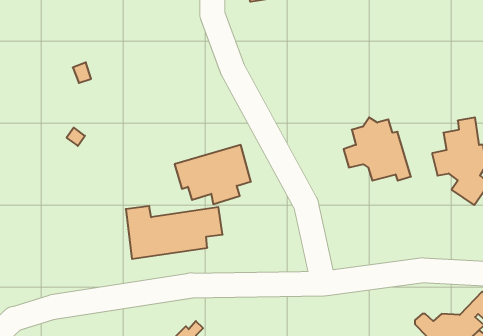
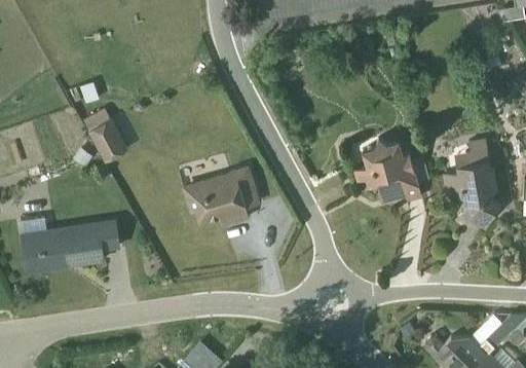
building: none -> [85,111,129,163]
building: [126,206,223,259] -> [23,220,120,273]

